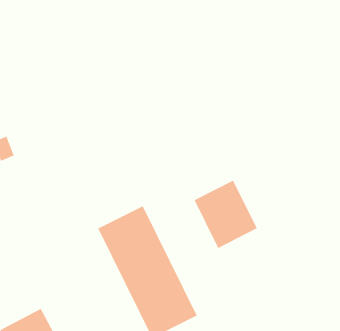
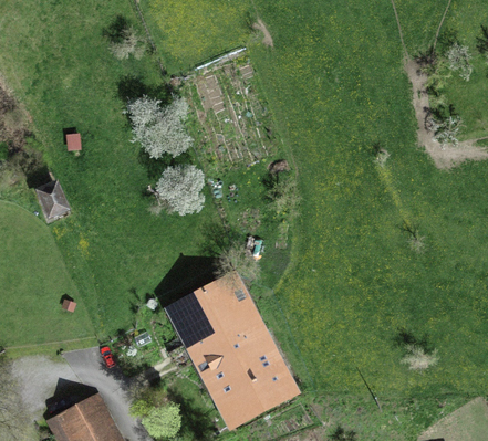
building: [193,180,258,249] -> none

